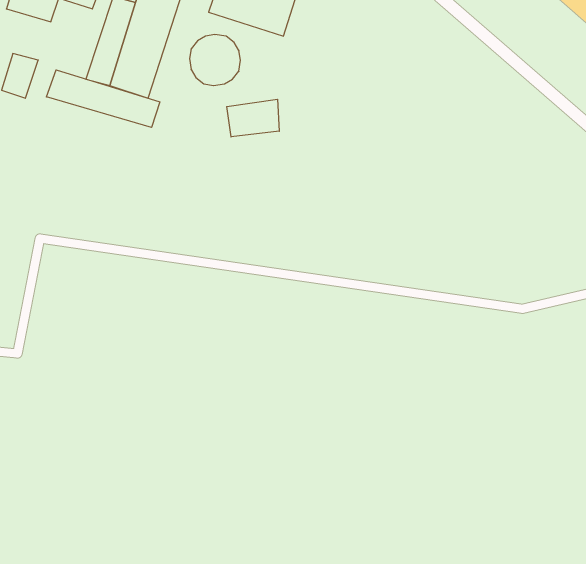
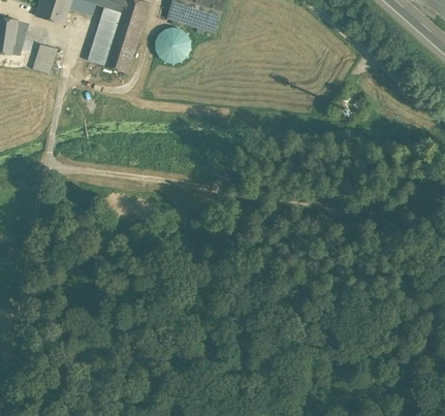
building: [46,70,160,127] -> none
building: [227,99,279,137] -> none

